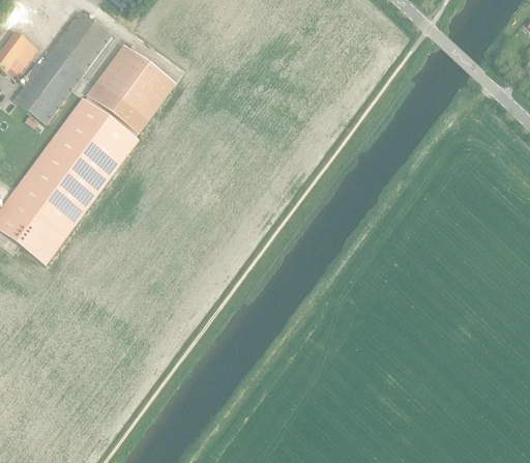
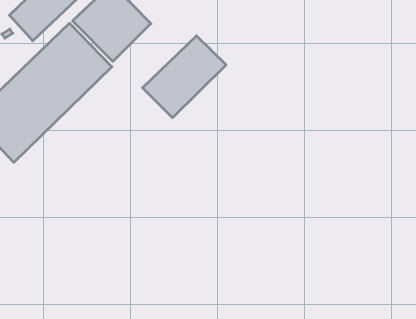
building: none -> [142,36,226,118]

